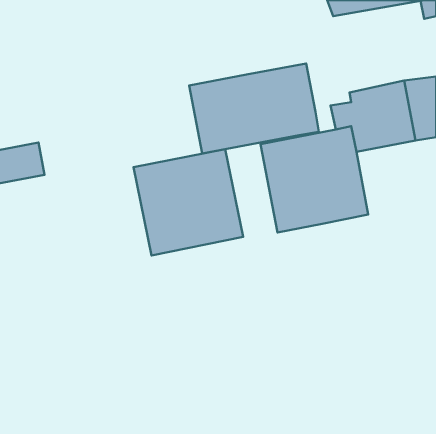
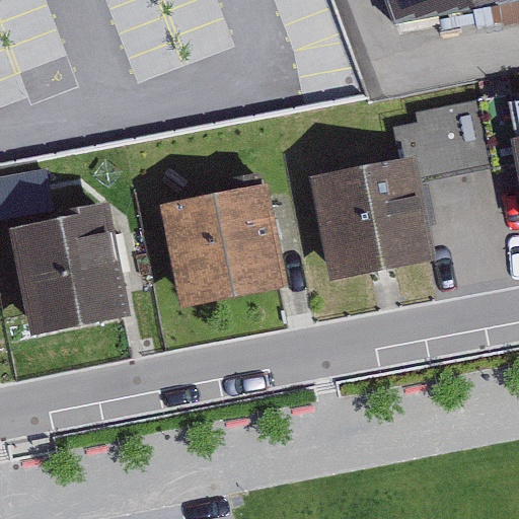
building: [189,64,319,154] -> none
building: none -> [8,199,131,335]

